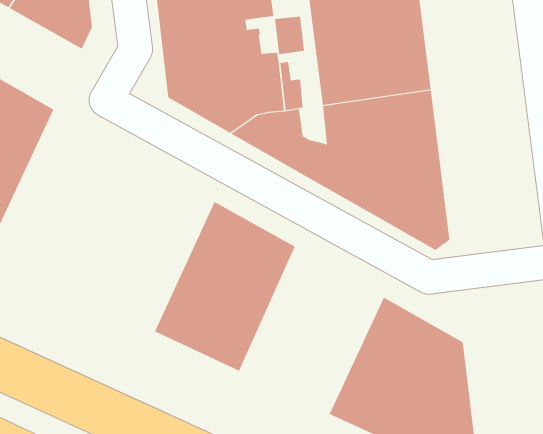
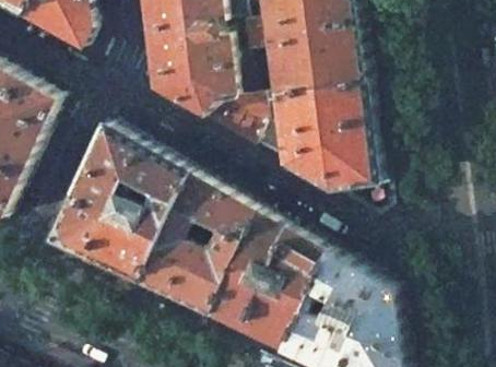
building: none -> [48,126,186,281]
building: none -> [206,211,324,348]

